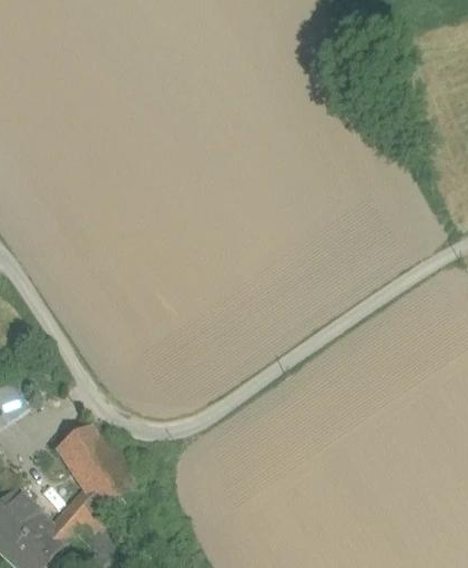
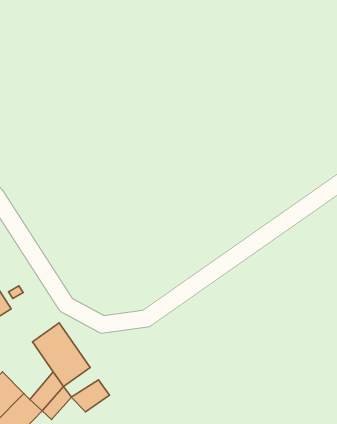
building: none -> [71,380,110,412]

